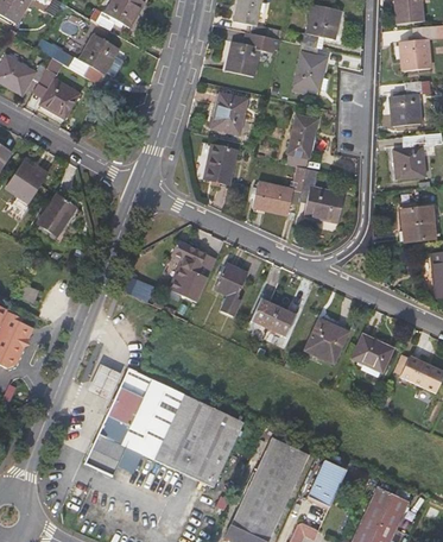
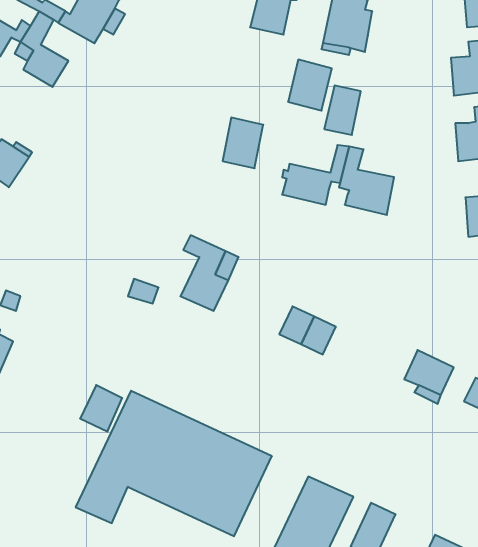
building: [211,93,247,134] -> [288,60,332,111]
building: [37,194,76,237] -> none
building: [214,264,247,316] -> none
building: [304,319,349,363] -> none

